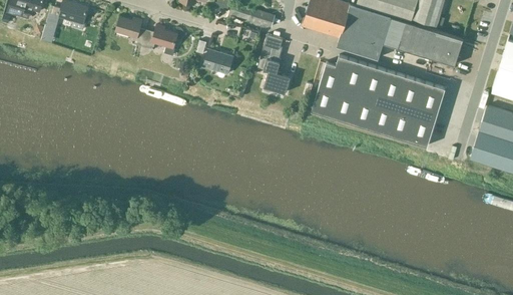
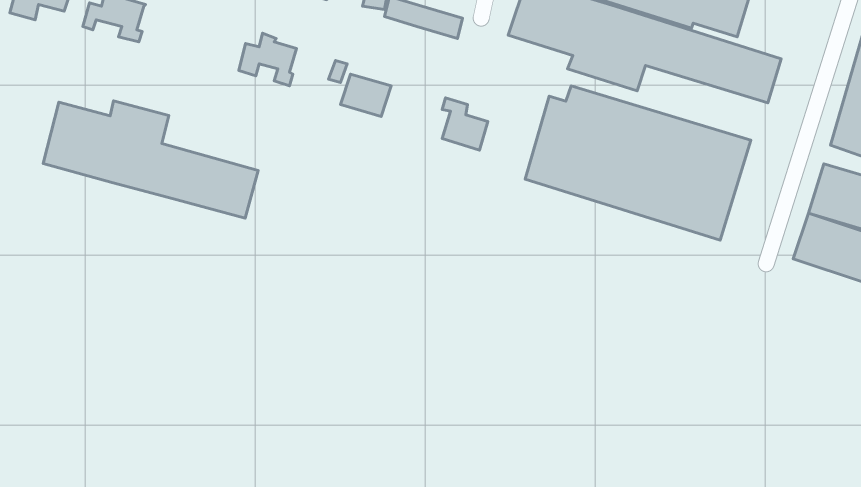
building: [115,16,146,46] -> none
building: [256,34,283,69] -> none
building: none -> [43,101,258,218]

